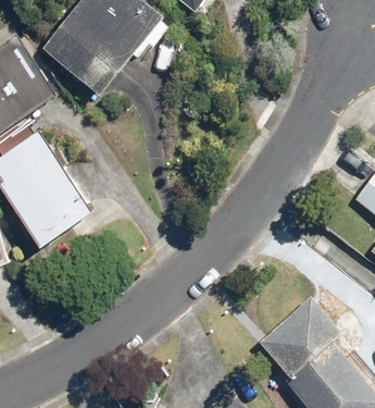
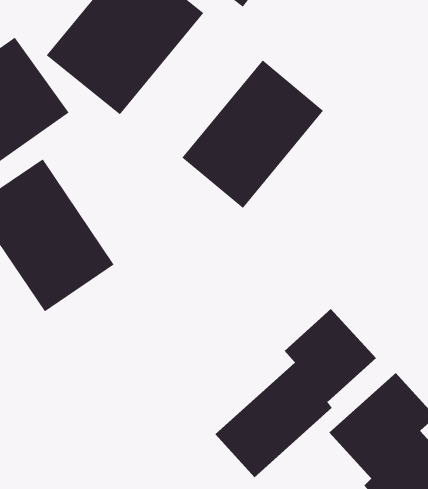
building: none -> [182,59,324,209]
building: none -> [215,308,377,478]

